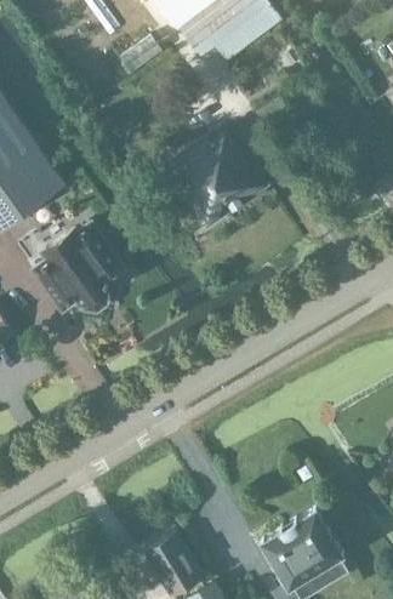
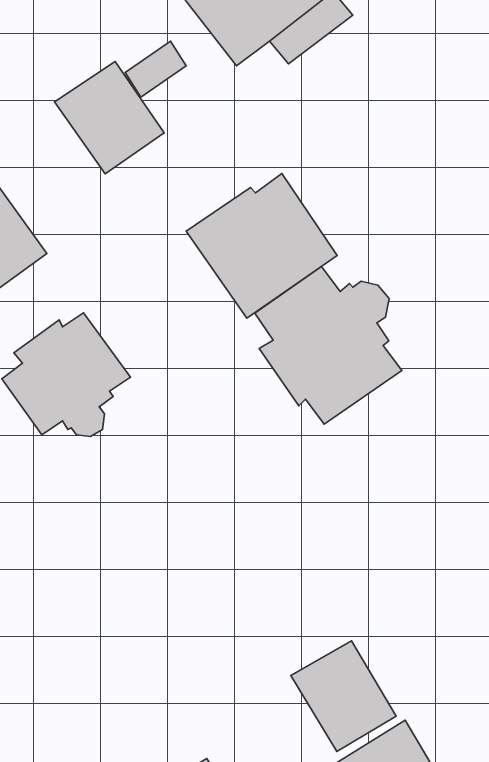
building: none -> [54,62,164,174]
building: none -> [255,266,402,424]
building: none -> [291,641,396,752]

